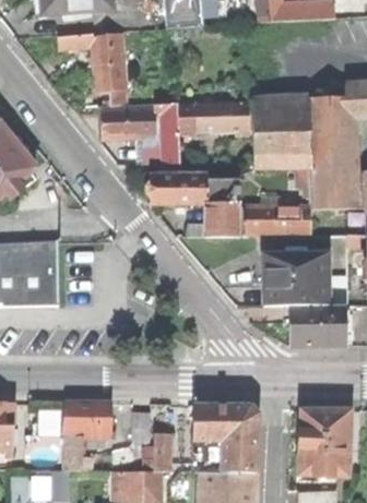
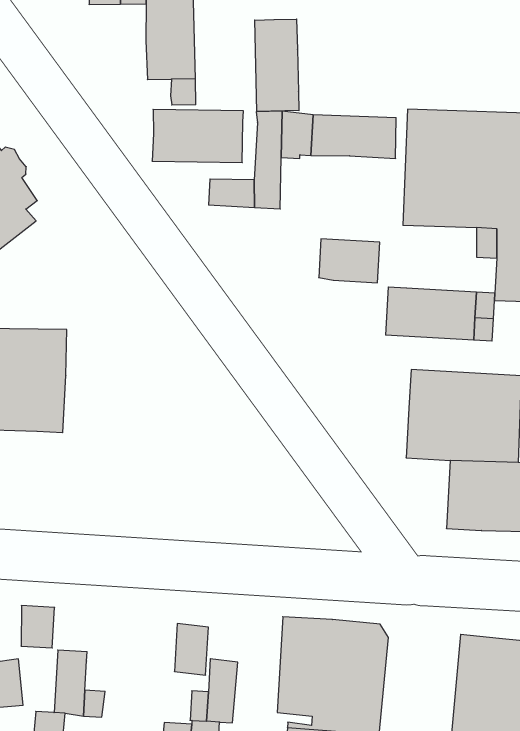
building: none -> [255,19,299,112]
building: [152,173,205,202] -> none
building: [189,203,240,237] -> none
building: [63,403,110,436] -> none

